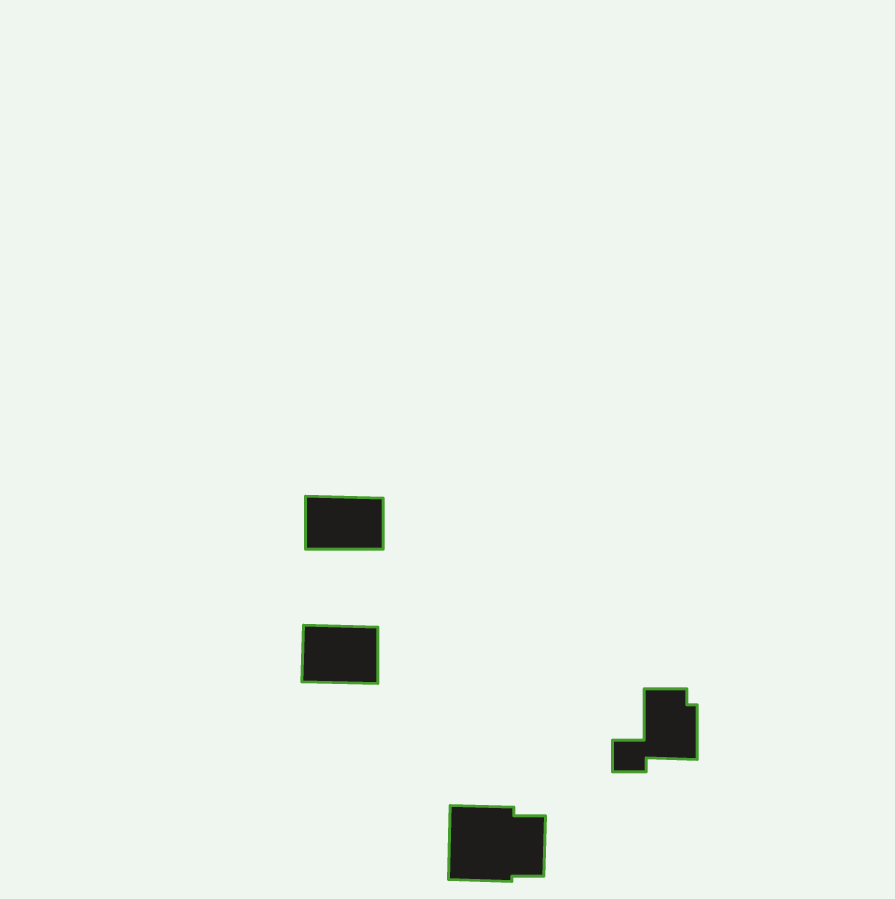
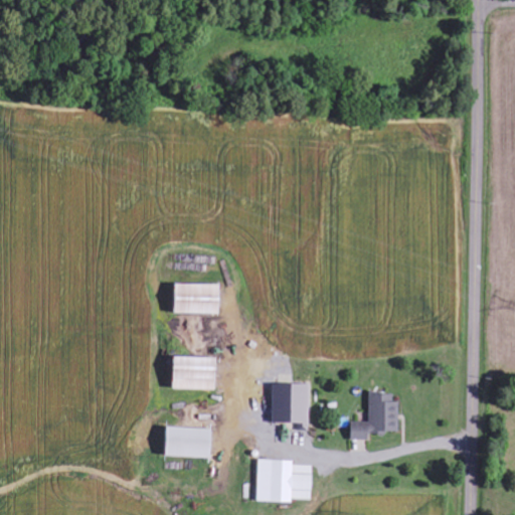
building: none -> [270,383,308,422]
building: none -> [165,426,211,458]

